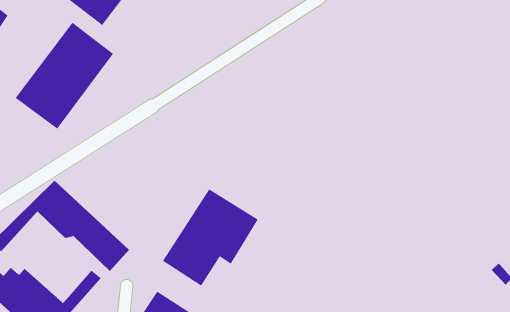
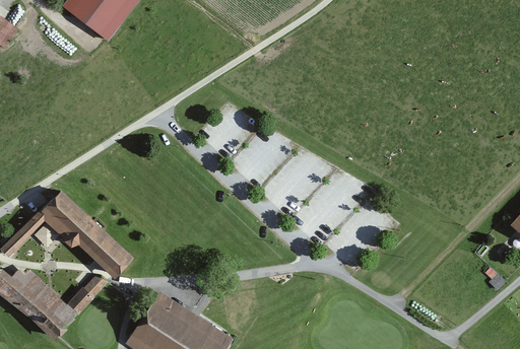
building: [15,22,114,129] -> none
building: [162,188,259,287] -> none

